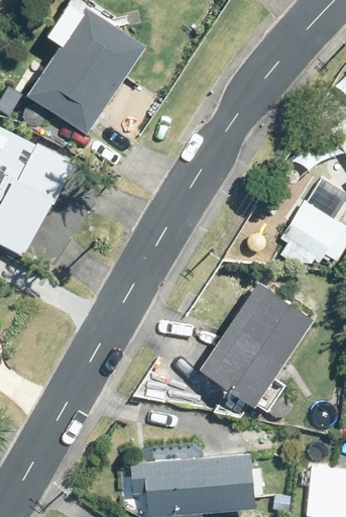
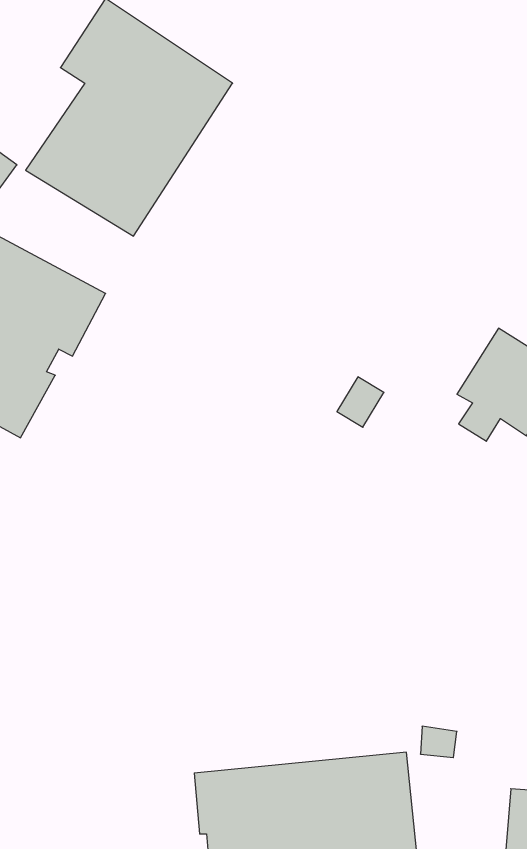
building: [191,277,313,418] -> none

